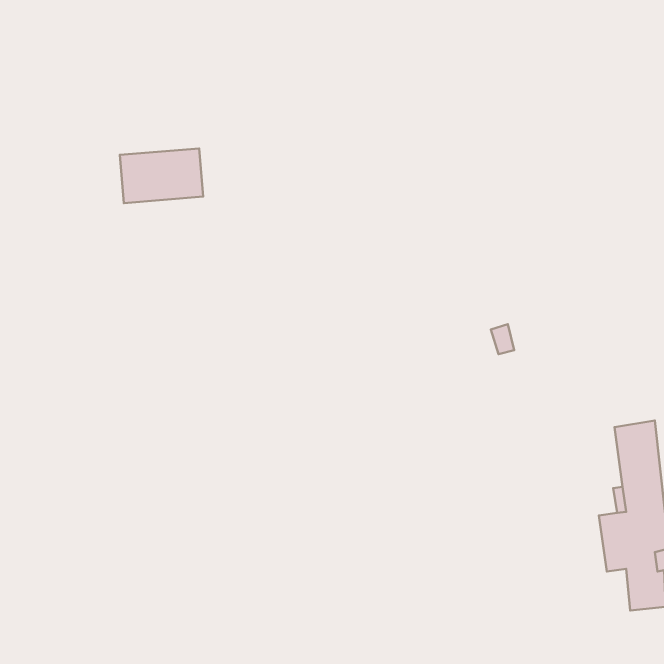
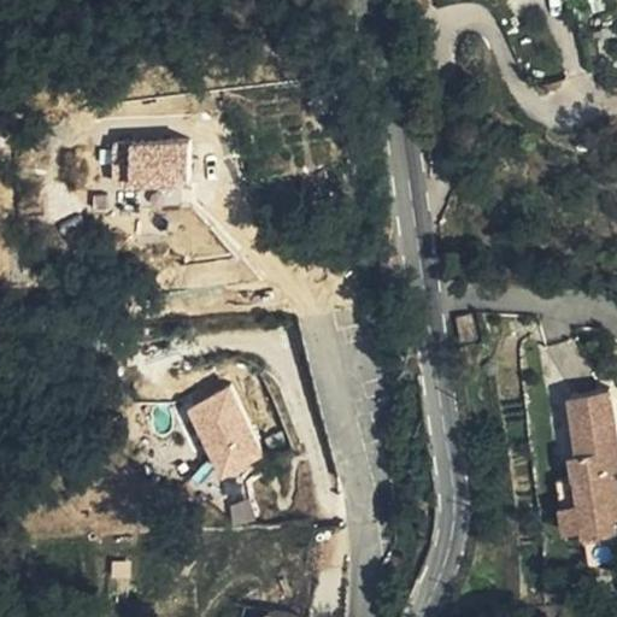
building: none -> [184,387,268,483]

